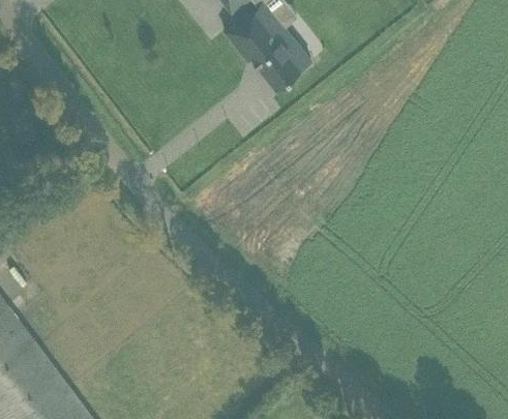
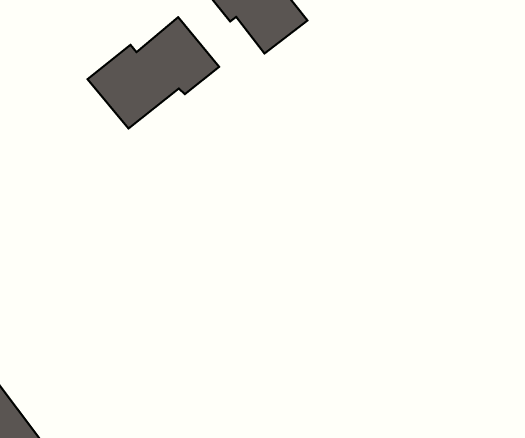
building: none -> [88,17,219,129]

